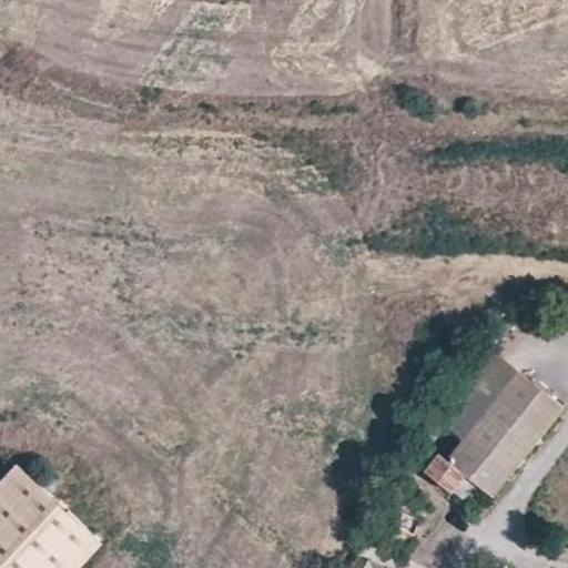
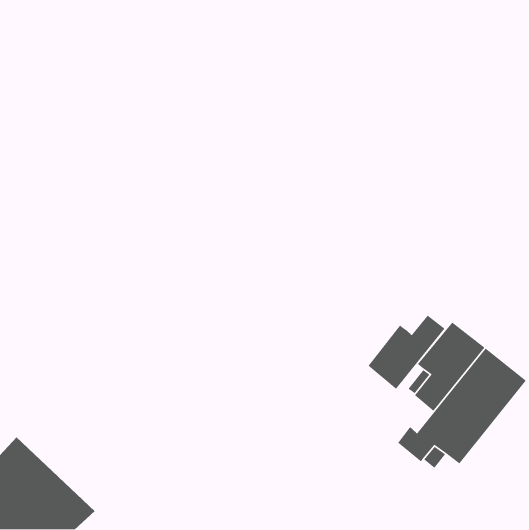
building: none -> [368,315,446,390]

